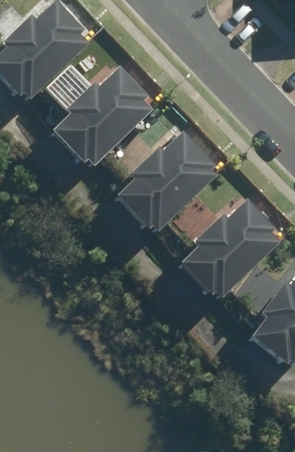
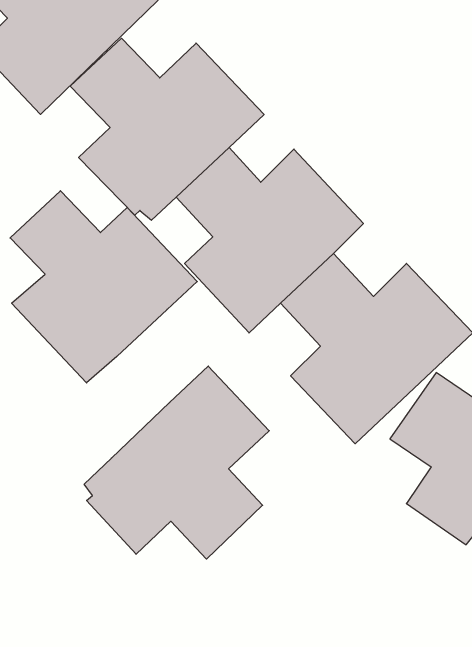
building: none -> [10,191,197,383]
building: none -> [84,366,269,559]

